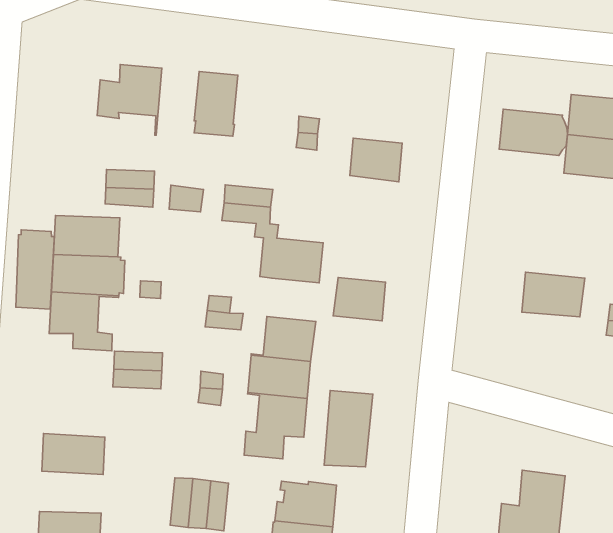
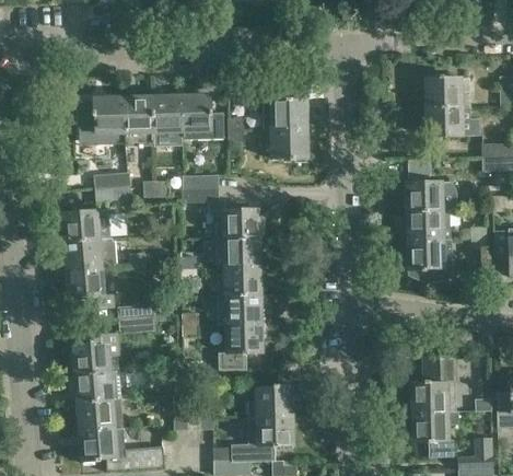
building: none -> [125,96,153,147]
building: none -> [180,95,224,140]
building: none -> [264,101,306,130]
building: [499,109,568,155] -> [407,181,456,211]
building: [16,230,54,309] -> none
building: [333,277,386,321] -> [224,239,260,268]
building: none -> [409,239,452,279]
building: none -> [71,335,118,374]
building: [324,390,373,467] -> none
building: none -> [75,398,123,431]

